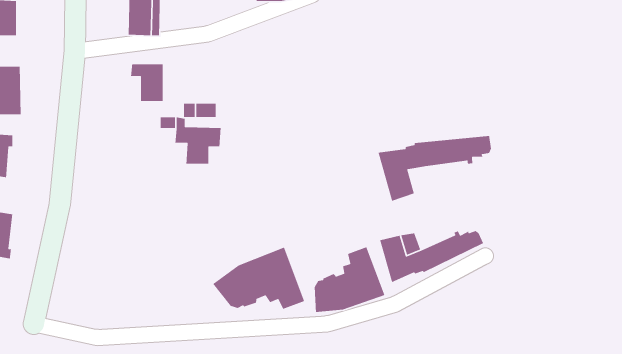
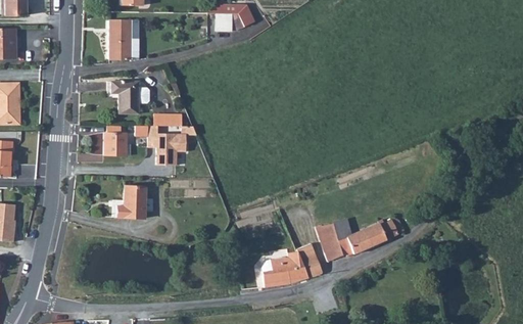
building: none -> [104,125,127,154]
building: [377,135,492,202] -> none
building: none -> [116,186,145,218]
building: [212,247,305,310] -> none

